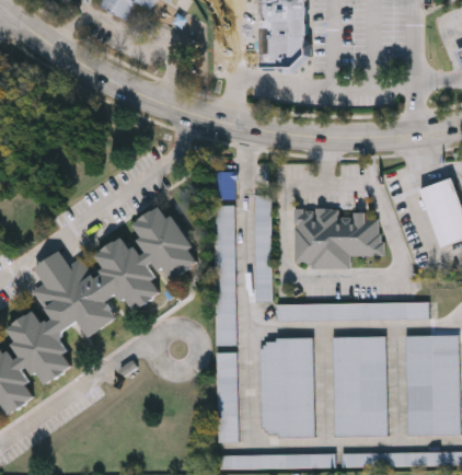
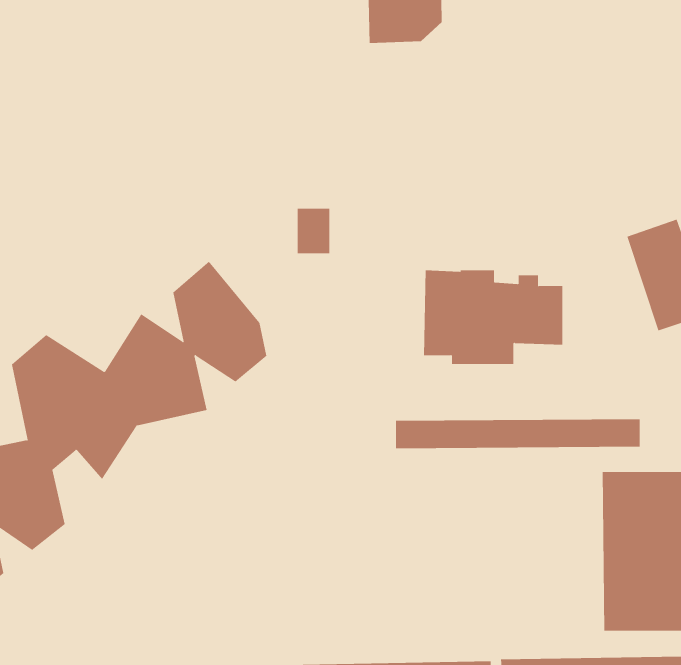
building: [254,195,272,302] -> none
building: [215,205,236,345] -> none
building: [334,335,389,436] -> none
building: [261,338,314,437] -> none
building: [217,351,236,441] -> none

